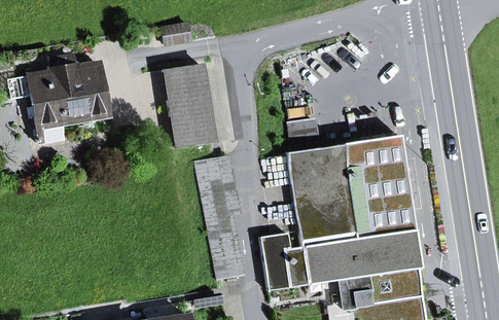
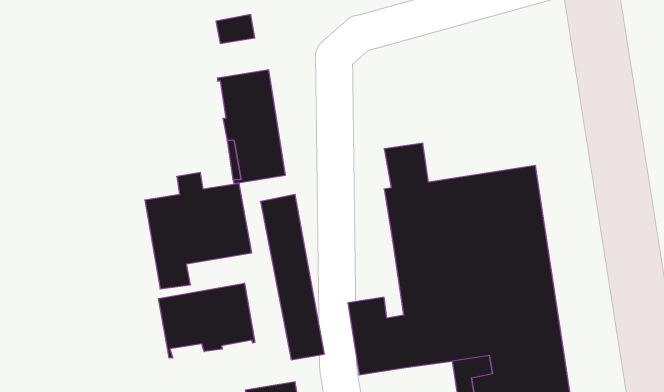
building: [28,55,107,141] -> [145,172,252,289]
building: none -> [158,283,255,358]

